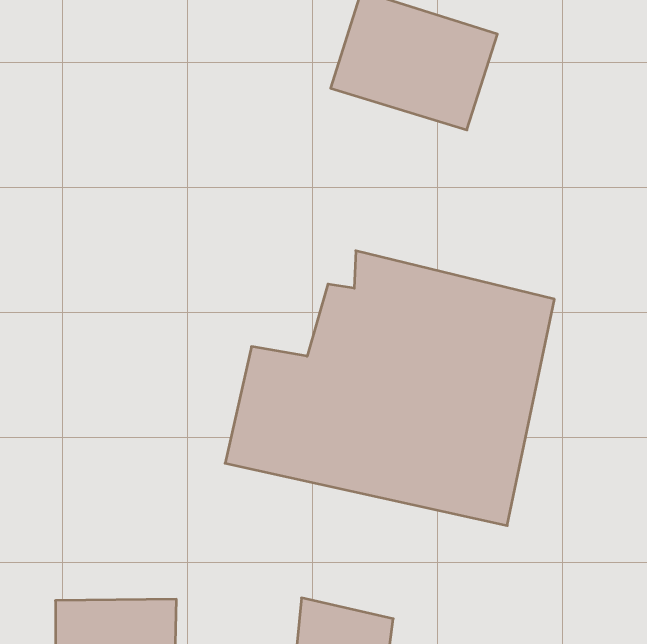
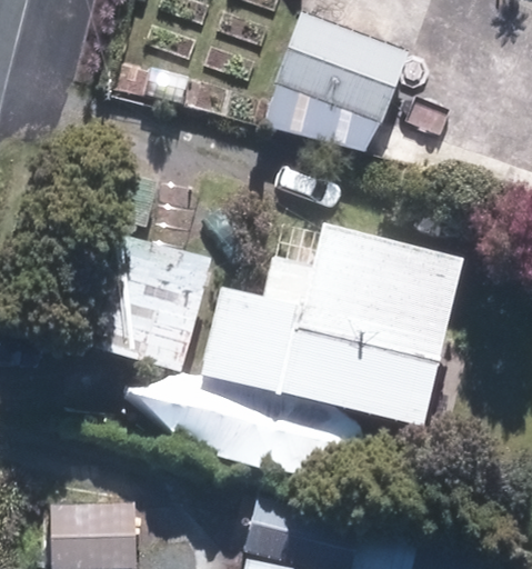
building: none -> [89,228,215,378]

